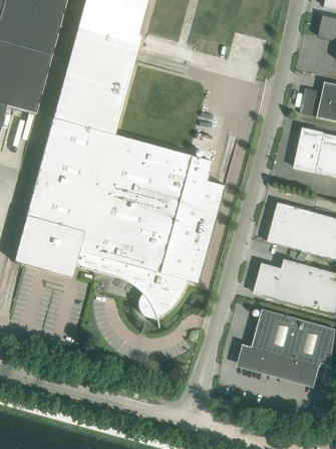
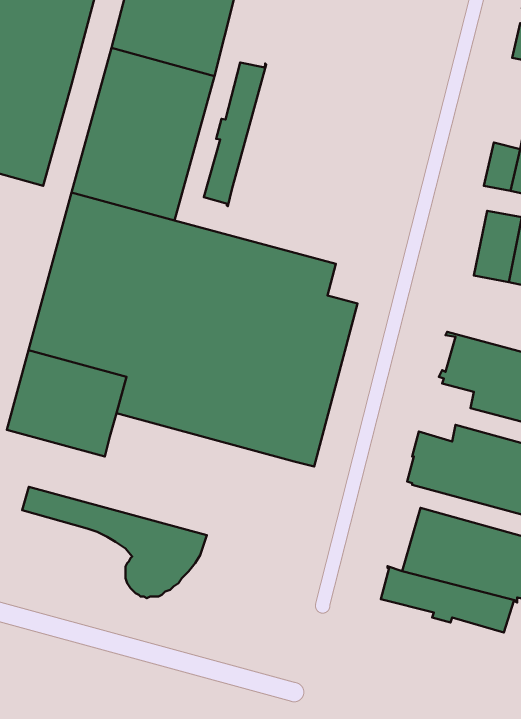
building: none -> [204,63,266,206]
building: [75,251,187,318] -> [22,487,207,598]

